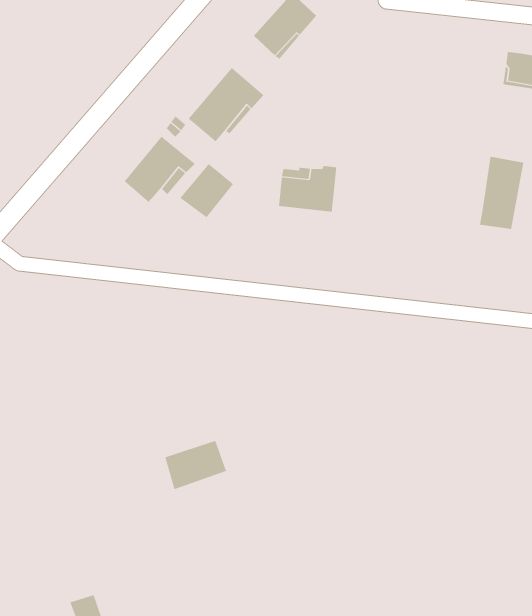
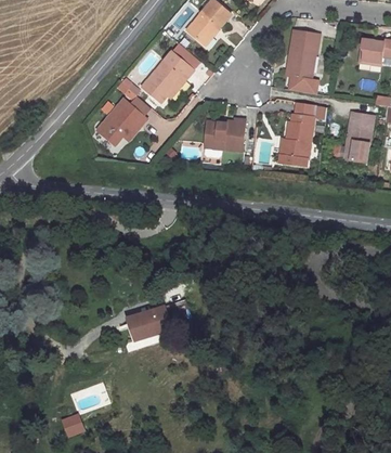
building: none -> [288,28,321,93]
building: none -> [279,101,314,165]
building: [180,163,234,218] -> none

